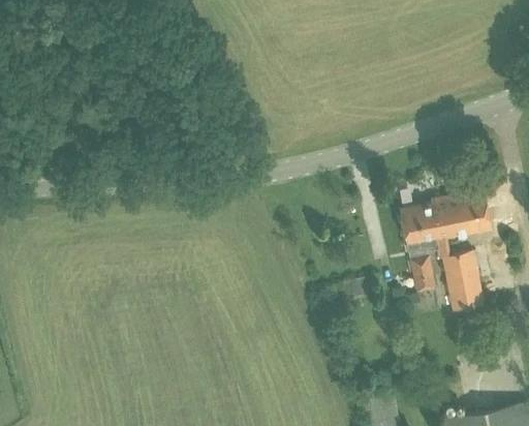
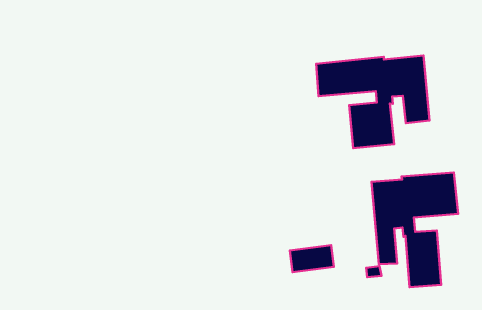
building: none -> [316,56,429,148]

